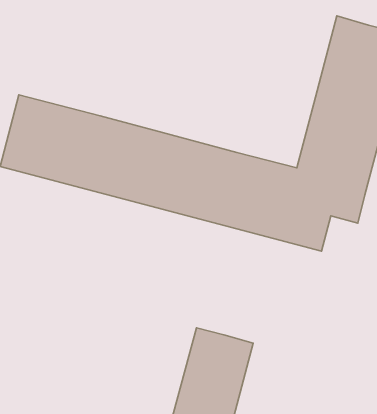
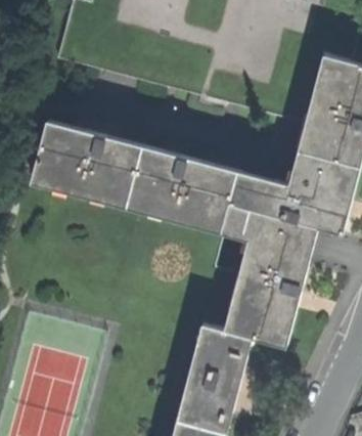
building: none -> [212,234,310,346]

